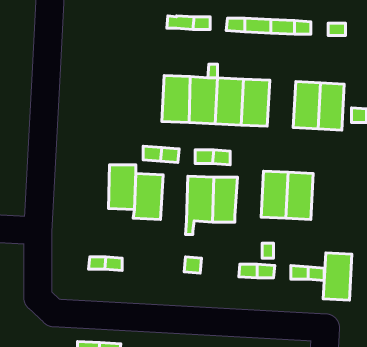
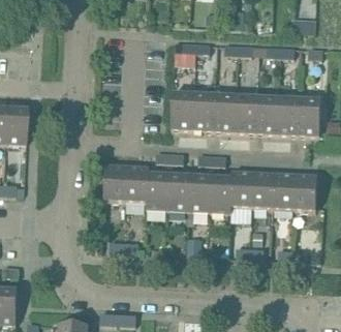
building: none -> [256,95,280,134]
building: none -> [102,164,125,202]
building: none -> [229,171,253,209]
building: none -> [167,174,190,212]
building: [323,253,352,300] -> [292,173,316,212]

